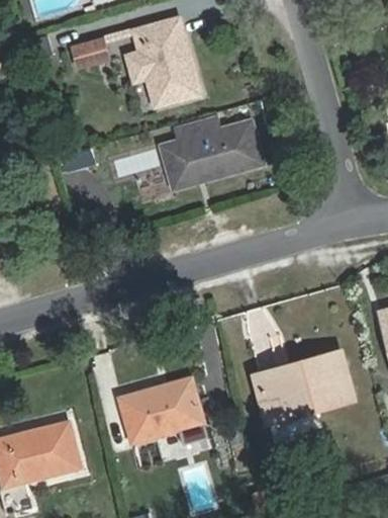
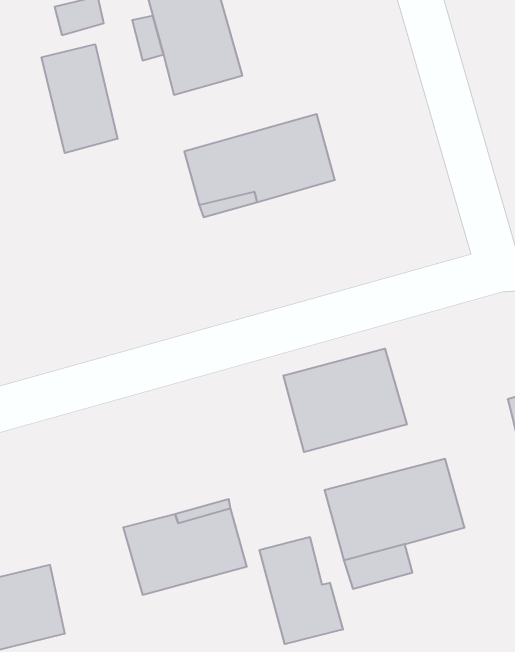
building: none -> [42,44,118,153]
building: none -> [283,349,407,452]
building: none -> [260,537,343,644]

